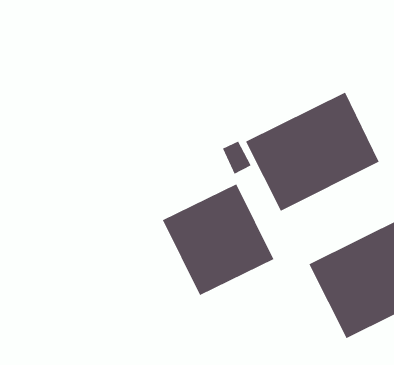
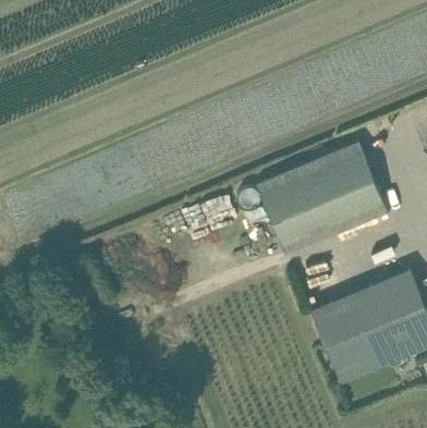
building: [162,183,274,296] -> none

